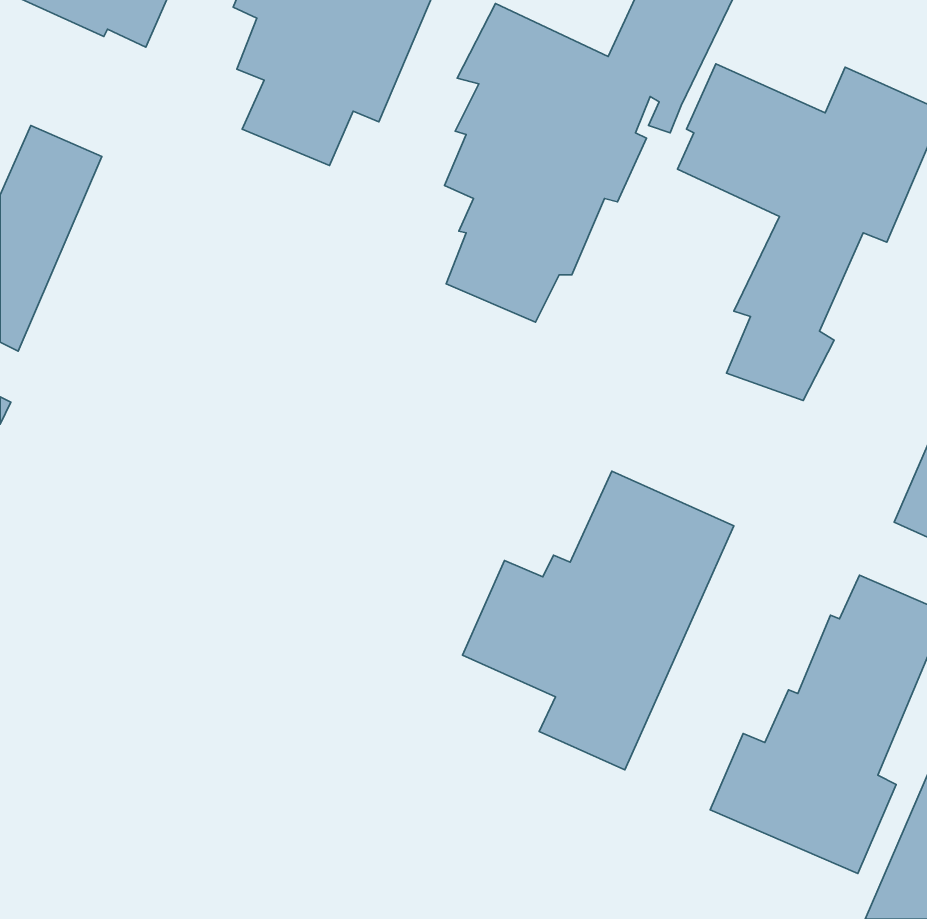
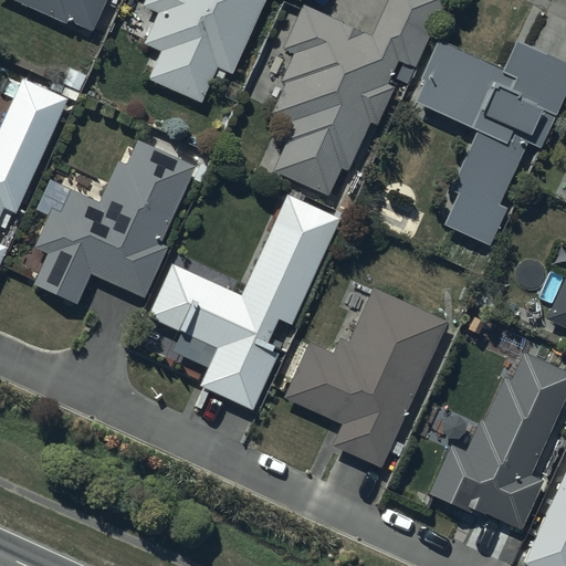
building: none -> [34,134,199,303]
building: none -> [149,195,340,410]

